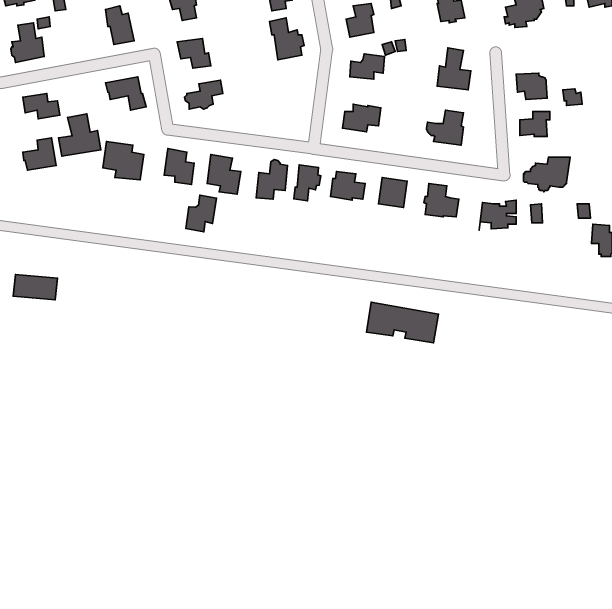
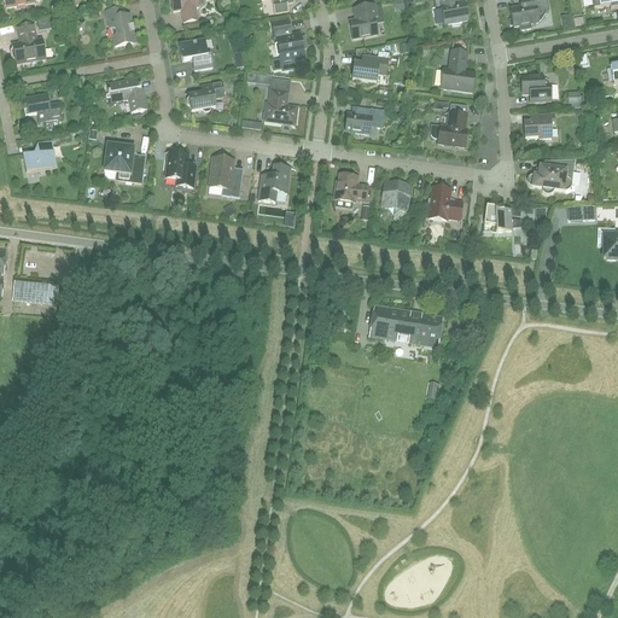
building: none -> [263,88,297,123]
building: [59,114,101,156] -> none
building: [294,165,321,201] -> none
building: [186,195,217,232] -> none

